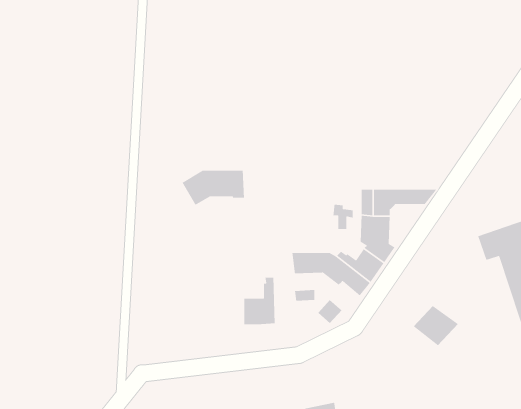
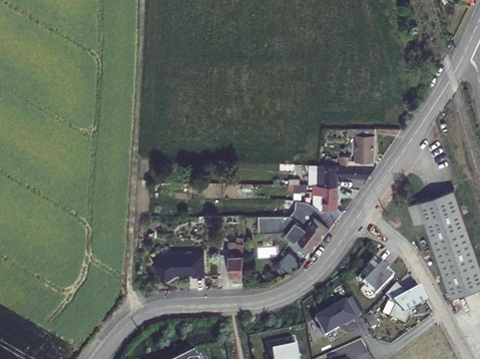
building: none -> [336,127,372,164]
building: [182,170,245,206] -> [154,247,205,276]
building: none -> [382,282,426,323]
building: none -> [313,299,355,335]

